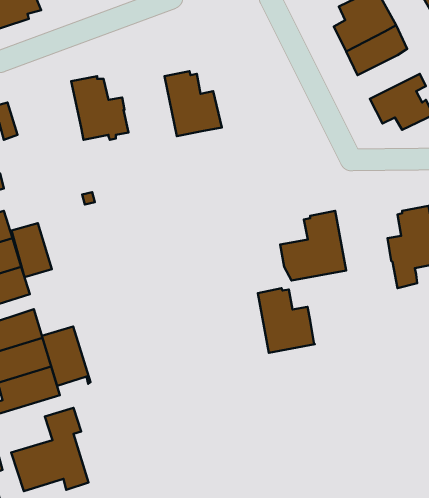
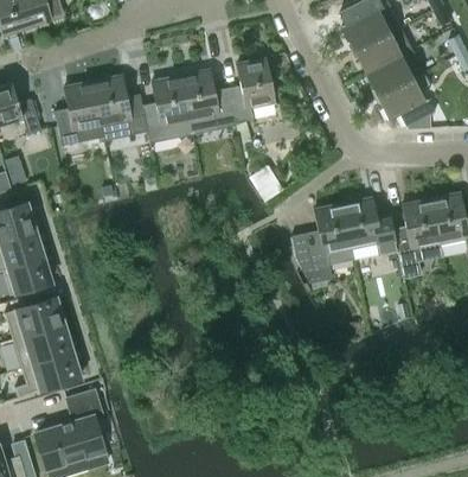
building: none -> [365,49,424,96]
building: none -> [227,57,277,123]
building: none -> [142,75,193,141]
building: none -> [55,80,104,145]
building: [12,223,52,277] -> none
building: [258,288,315,353] -> [344,198,398,260]
building: [42,327,90,386] -> none

